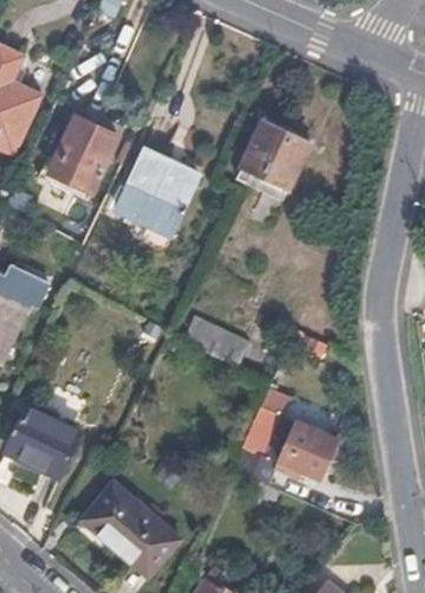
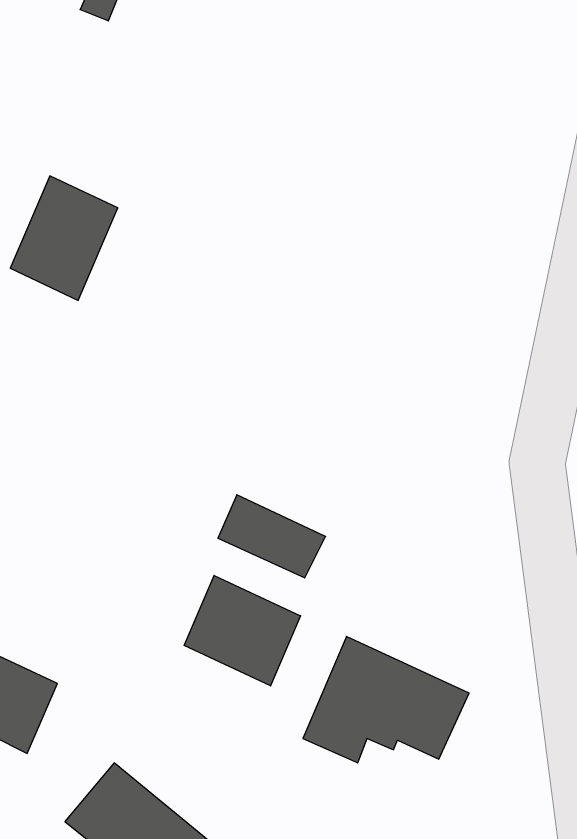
building: [239,117,311,198] -> none
building: [117,147,198,231] -> none
building: none -> [184,575,301,686]

